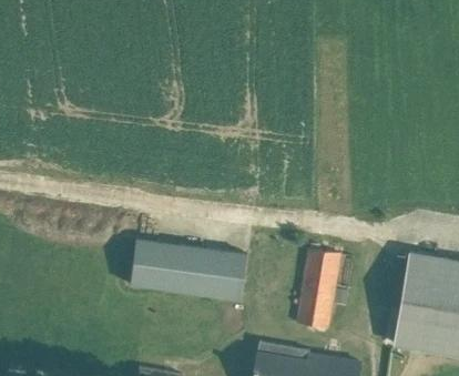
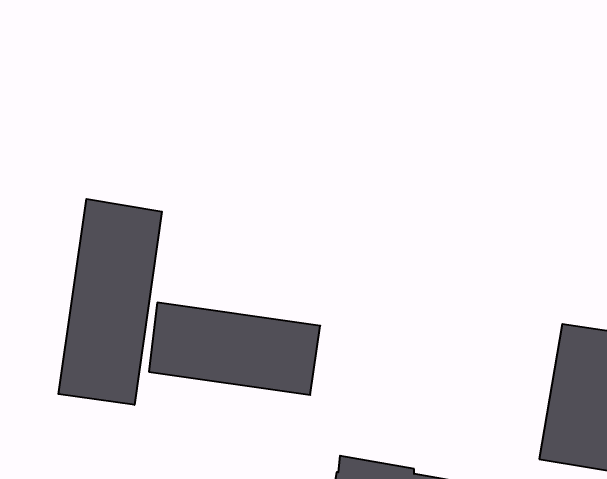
building: none -> [58,199,162,405]
building: [295,248,340,329] -> none

